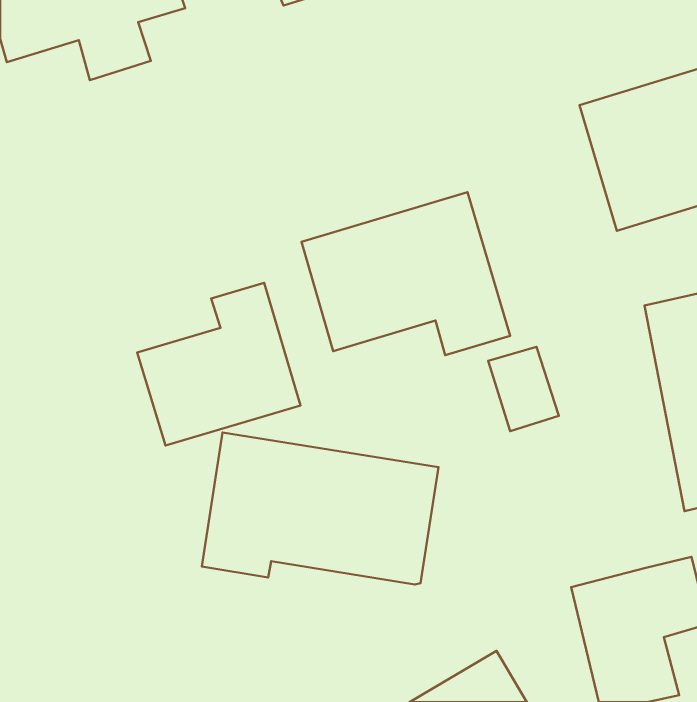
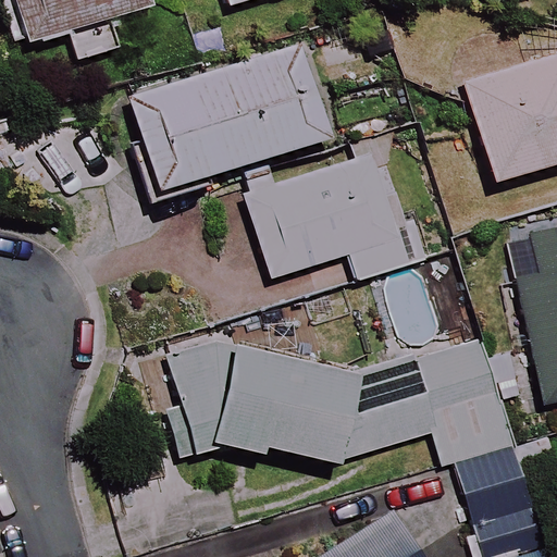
building: none -> [129,45,330,189]
building: [137,283,301,445] -> none
building: none -> [338,348,511,459]

